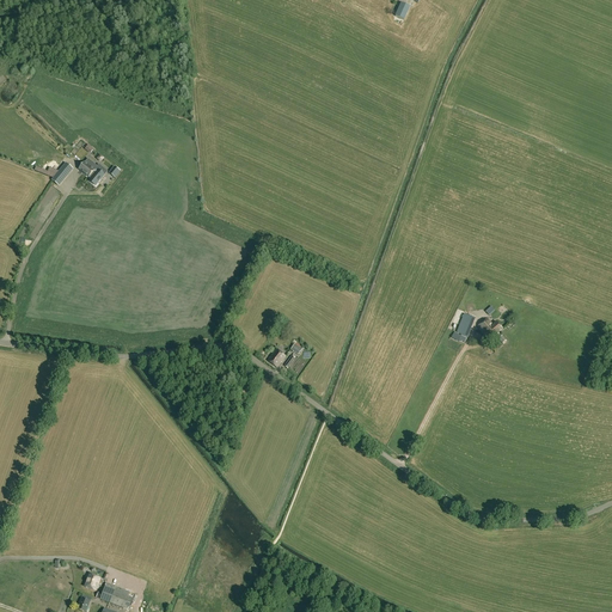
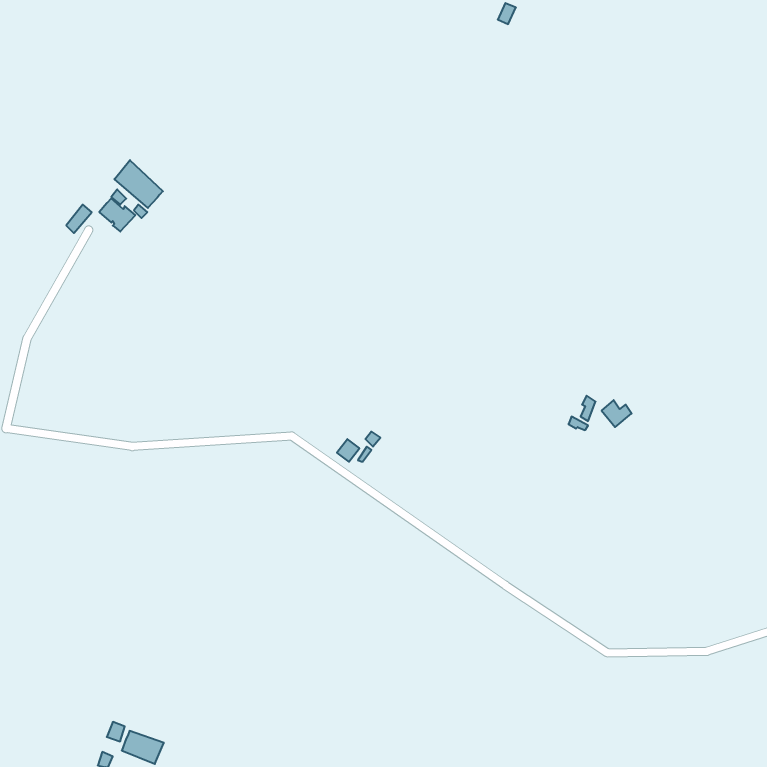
building: none -> [114,160,163,208]

